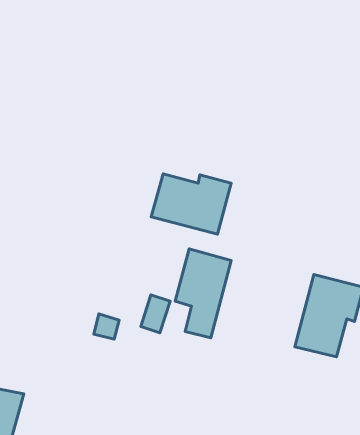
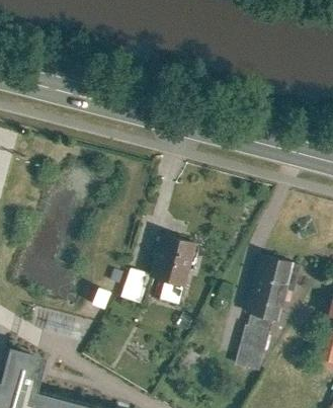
building: [151,174,231,234] -> none
building: none -> [238,328,270,372]

